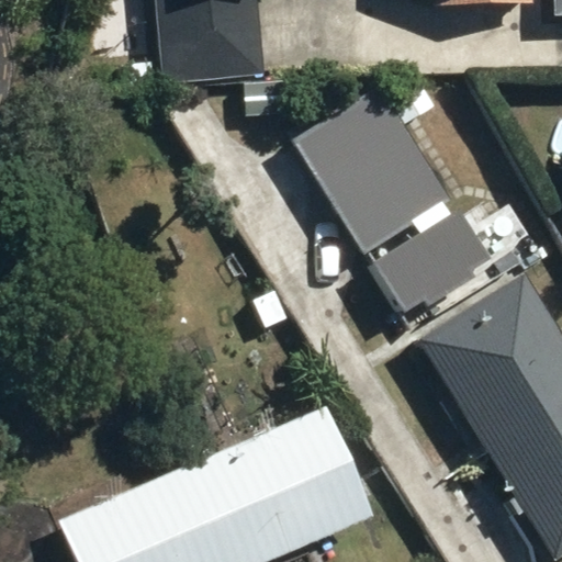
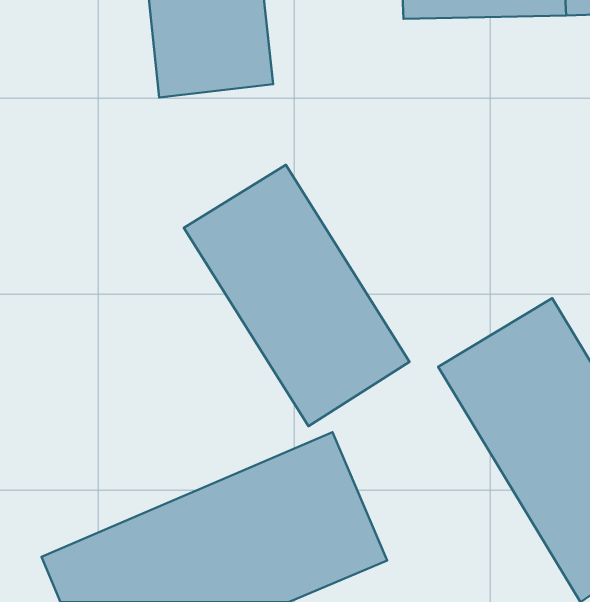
building: [291,82,499,324] -> [184,165,409,426]

